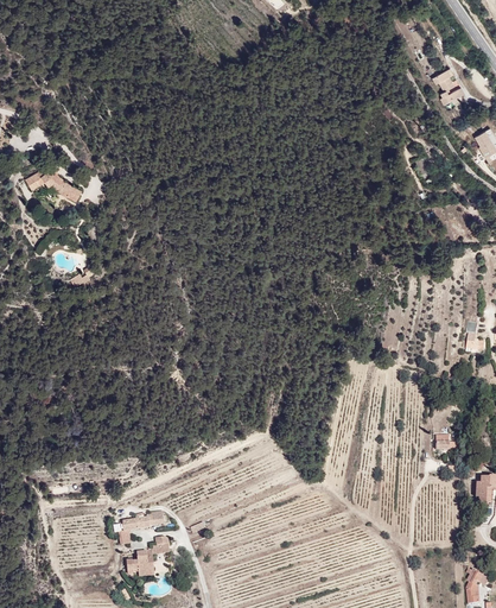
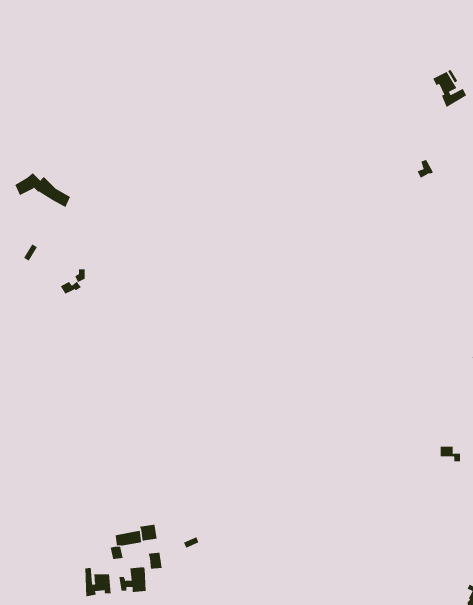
building: none -> [85,567,111,597]

